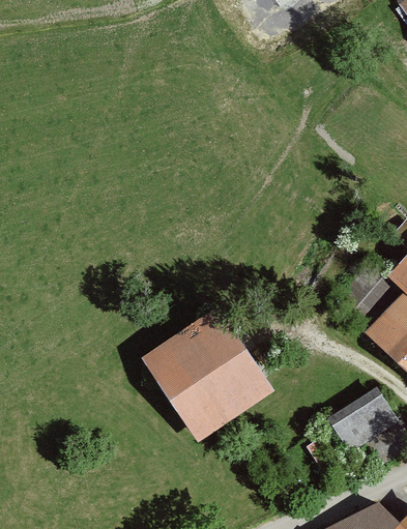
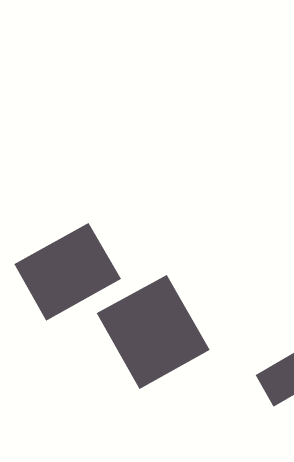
building: none -> [13,222,122,322]

